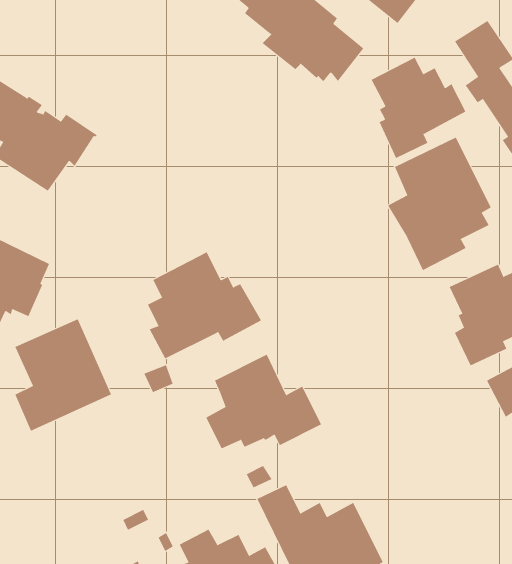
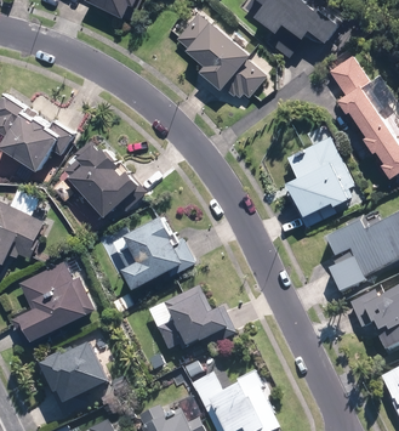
building: [371,57,466,159] -> none
building: none -> [70,138,153,219]
building: none -> [33,344,107,418]

